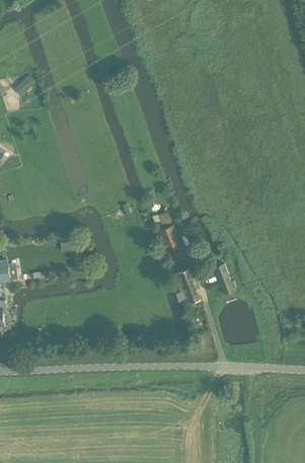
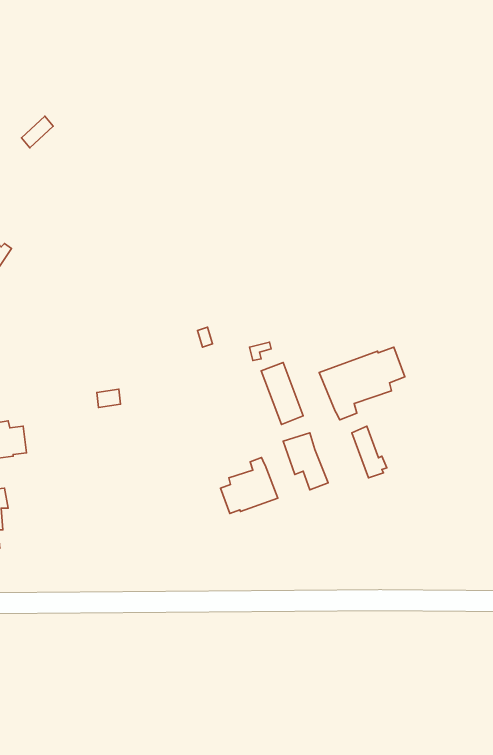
building: none -> [319,347,405,420]
building: none -> [221,458,278,514]

